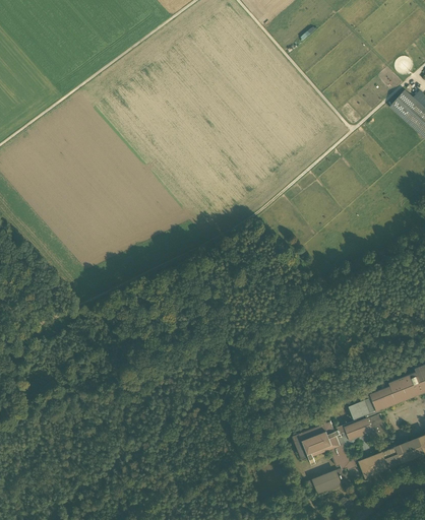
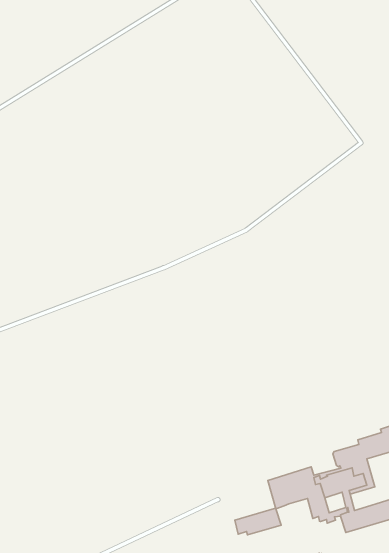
building: [307,468,349,494] -> [235,509,281,535]

